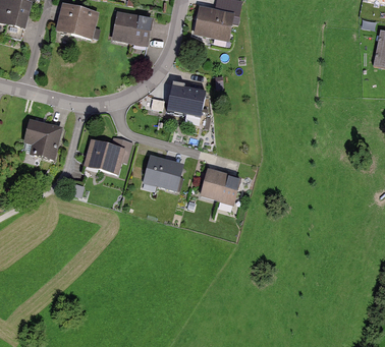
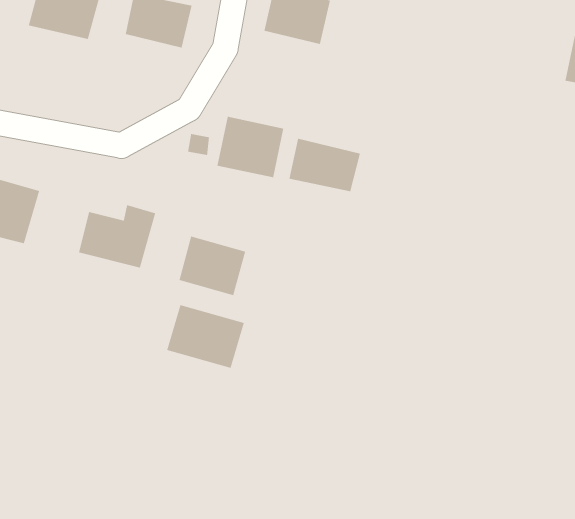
building: none -> [289,138,361,192]
building: [202,170,240,205] -> none
building: none -> [166,304,245,369]

